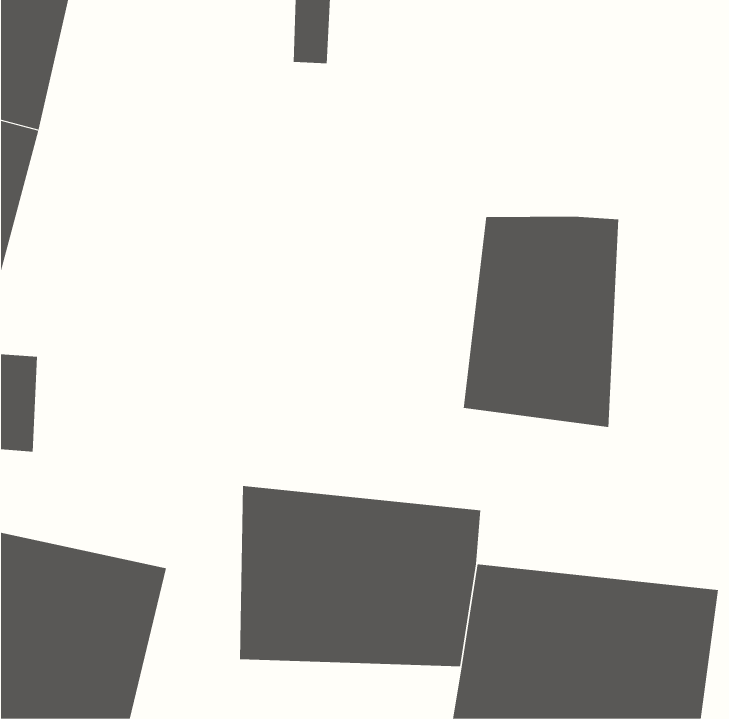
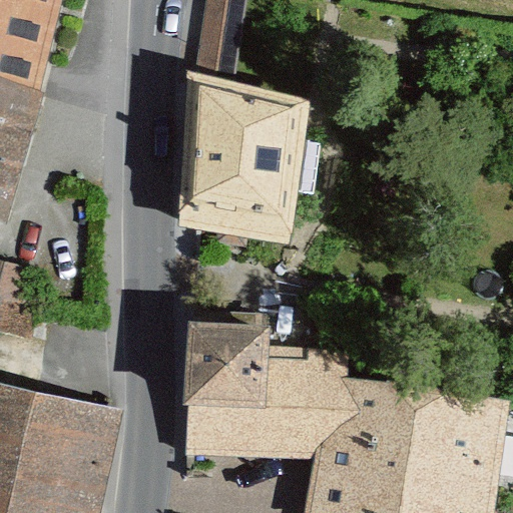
building: none -> [181,82,301,252]
building: [463,216,619,428] -> none

